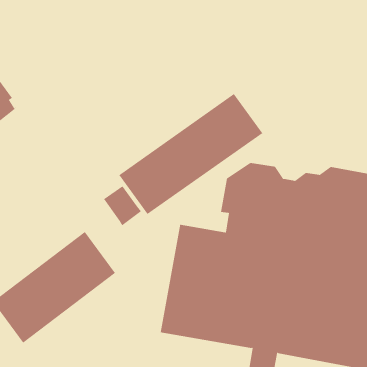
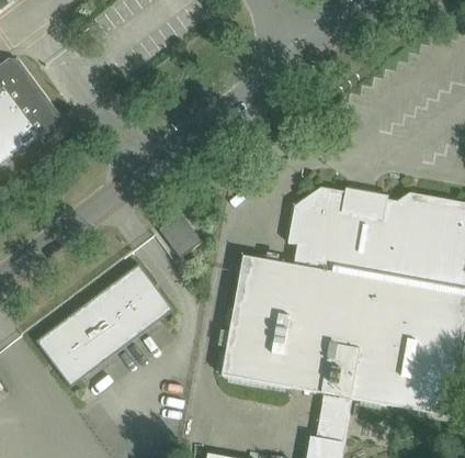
building: [118,93,263,215] -> none

